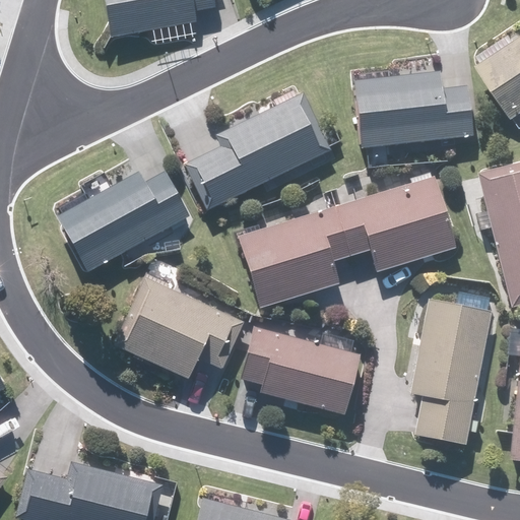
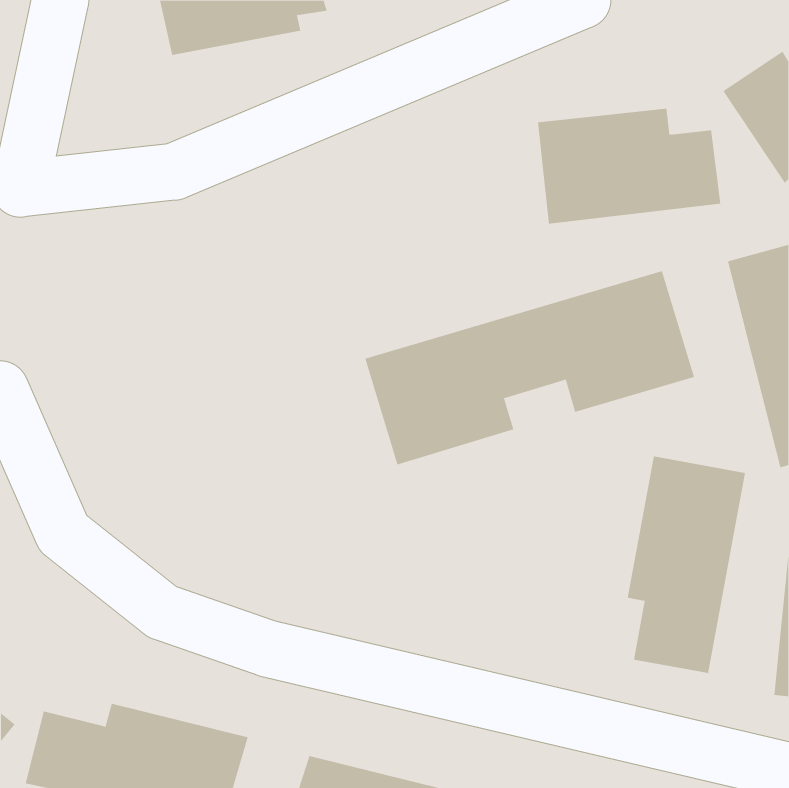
building: [186,95,330,210] -> none
building: [59,172,190,272] -> none
building: [113,276,244,380] -> none
building: [242,327,359,414] -> none

